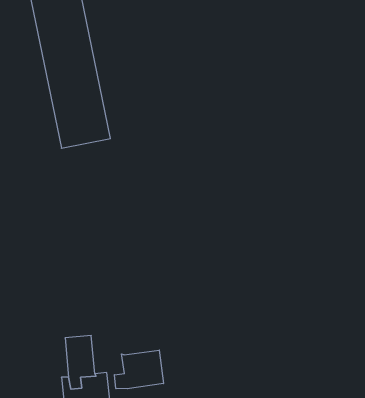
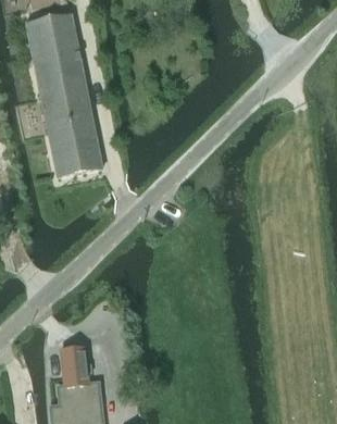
building: [114,350,163,389] -> none

